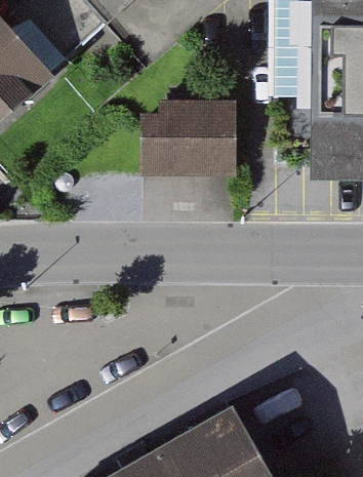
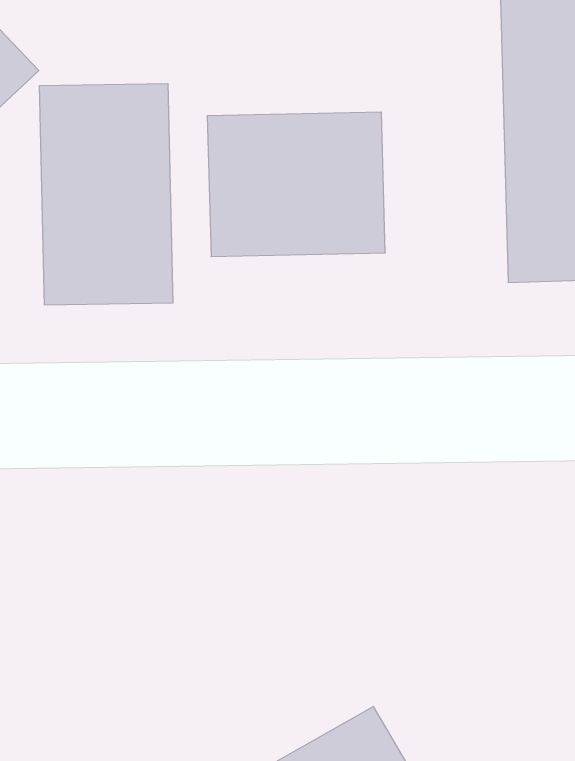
building: none -> [40,84,173,305]

